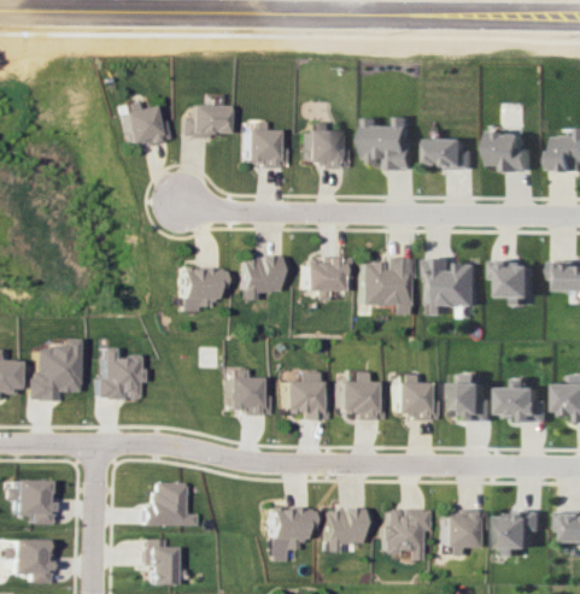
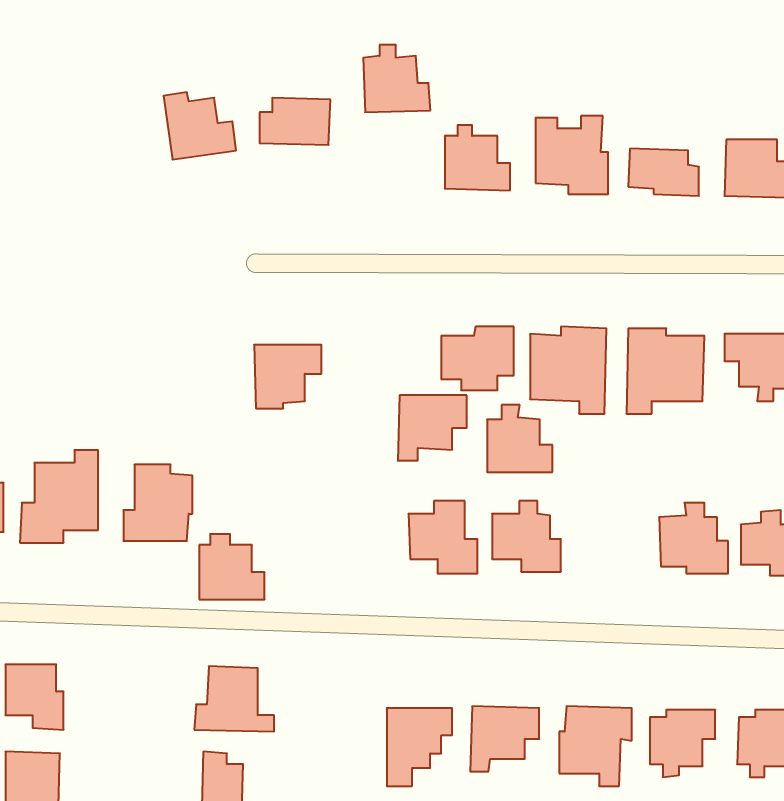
building: [245,122,289,166] -> [363,45,430,112]
building: [244,257,289,300] -> [398,395,467,461]
building: [227,370,270,413] -> [199,534,265,599]
building: [396,374,439,418] -> [487,405,552,472]

